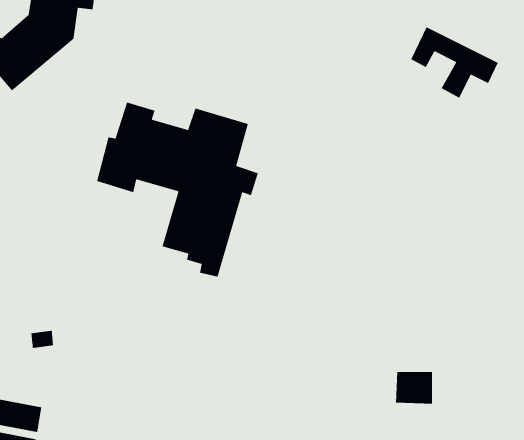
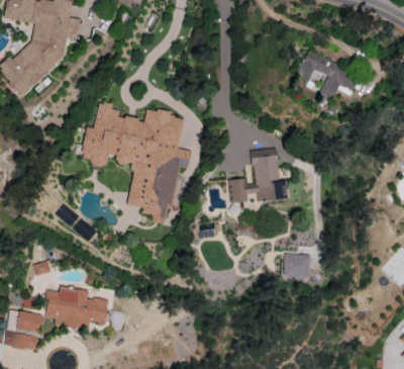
building: none -> [228,156,287,203]
building: none -> [43,287,108,329]
building: [395,371,433,405] -> [283,255,309,278]

